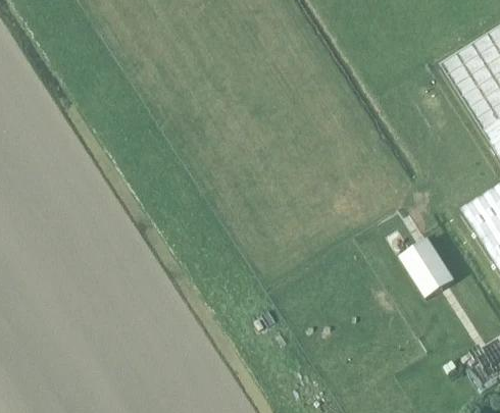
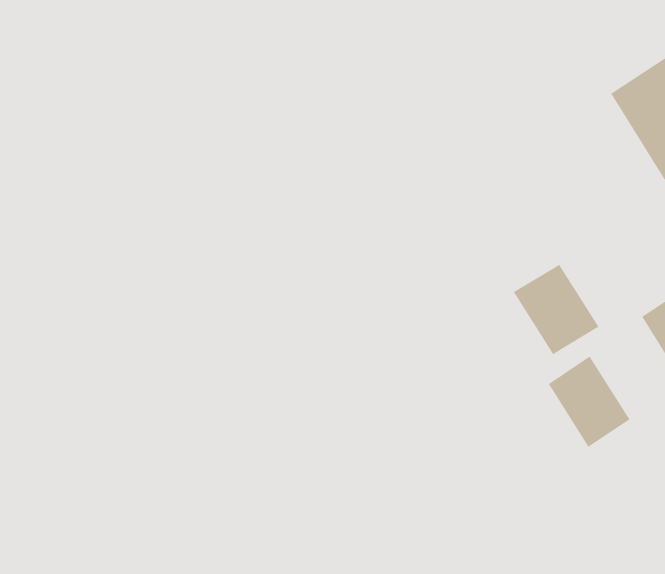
building: none -> [513,264,600,355]

